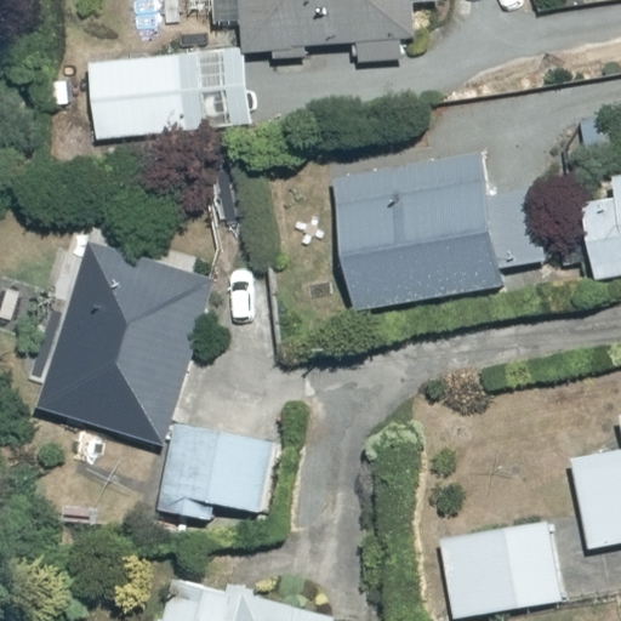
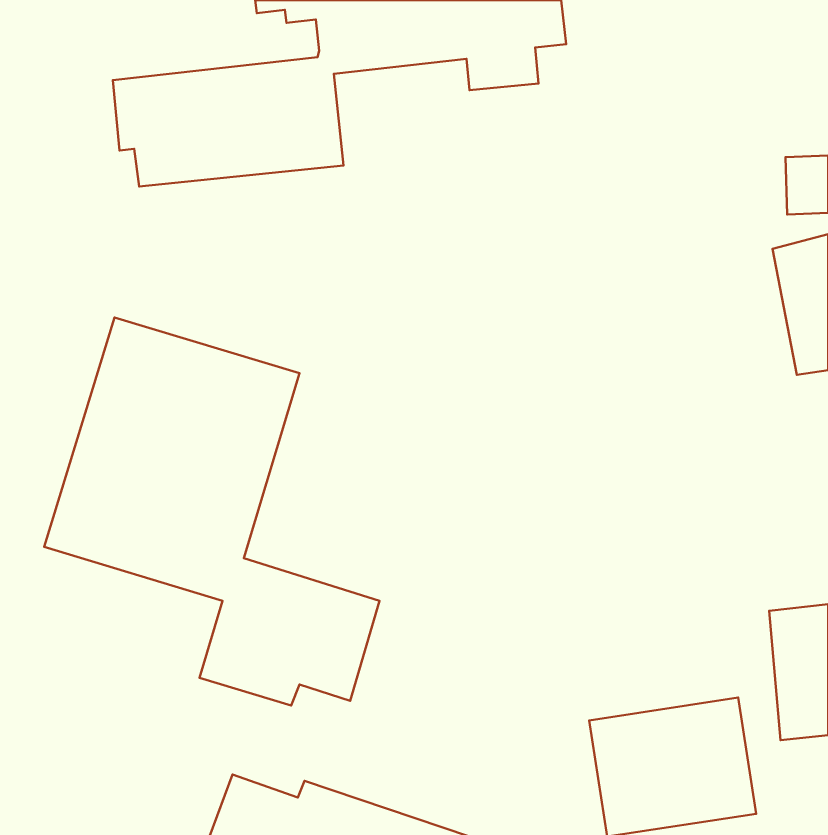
building: [336,152,548,310] -> none

